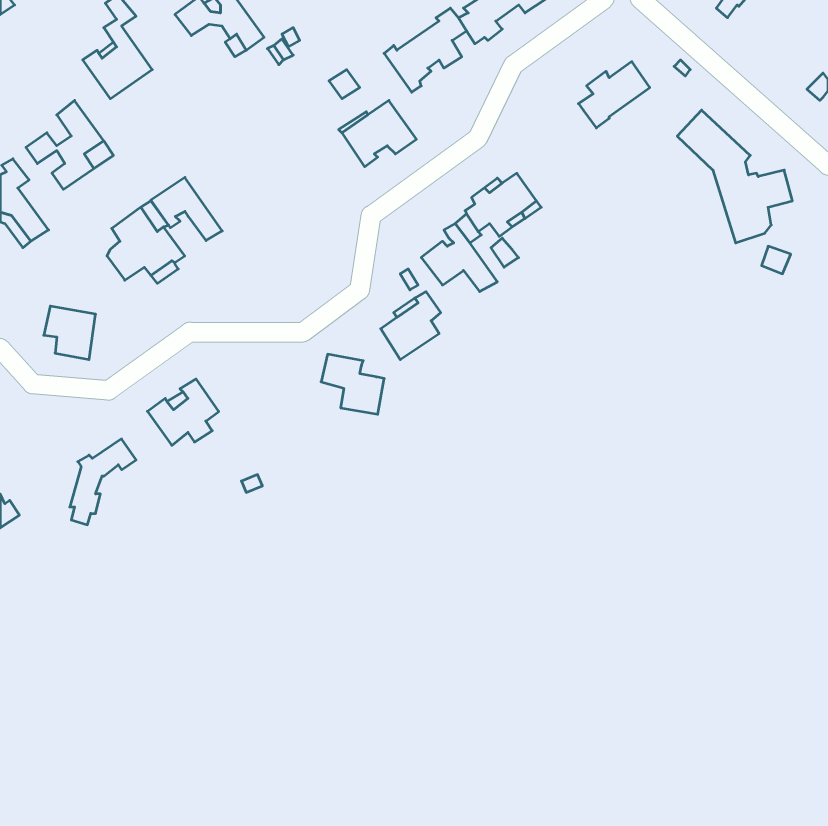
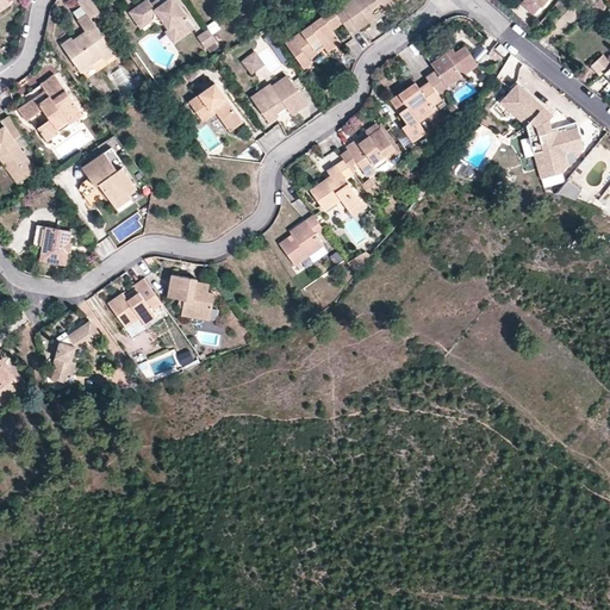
building: none -> [390,81,442,141]
building: [151,177,222,241] -> [189,83,242,130]
building: [321,354,384,414] -> [167,275,213,319]

